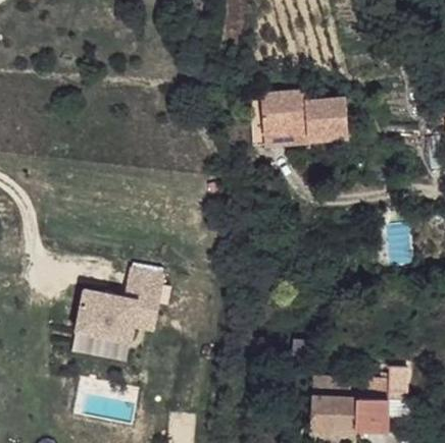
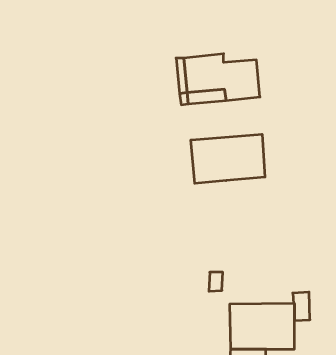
building: none -> [191,134,265,183]
building: [75,270,164,364] -> none

